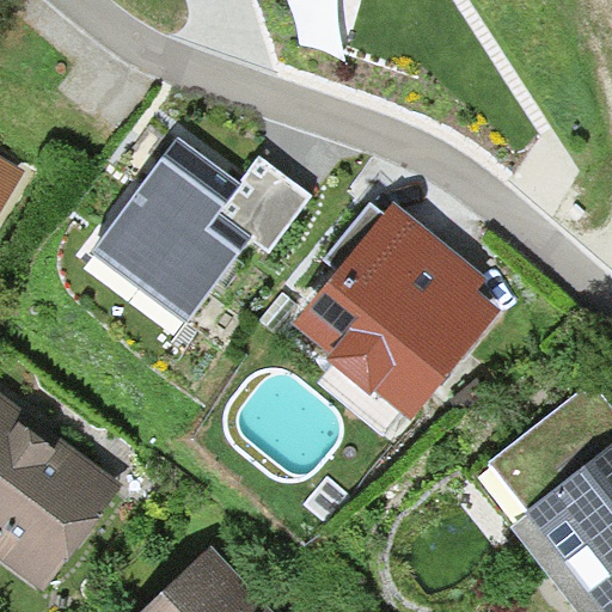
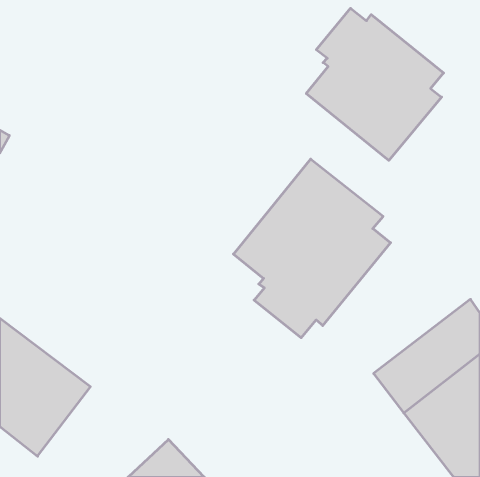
building: none -> [306,8,444,160]
building: [93,136,311,324] -> none

